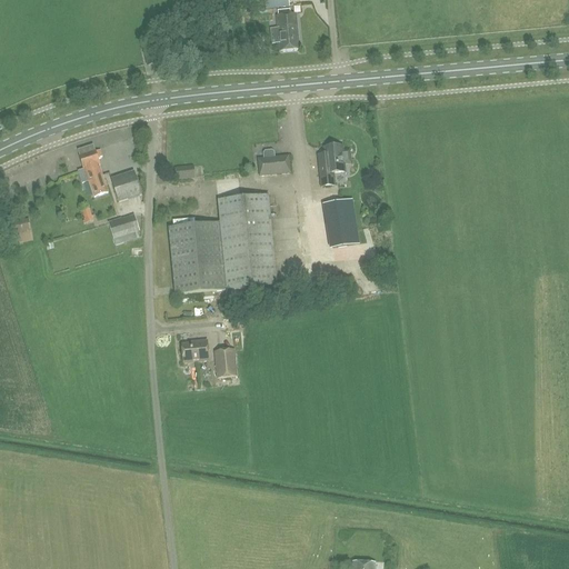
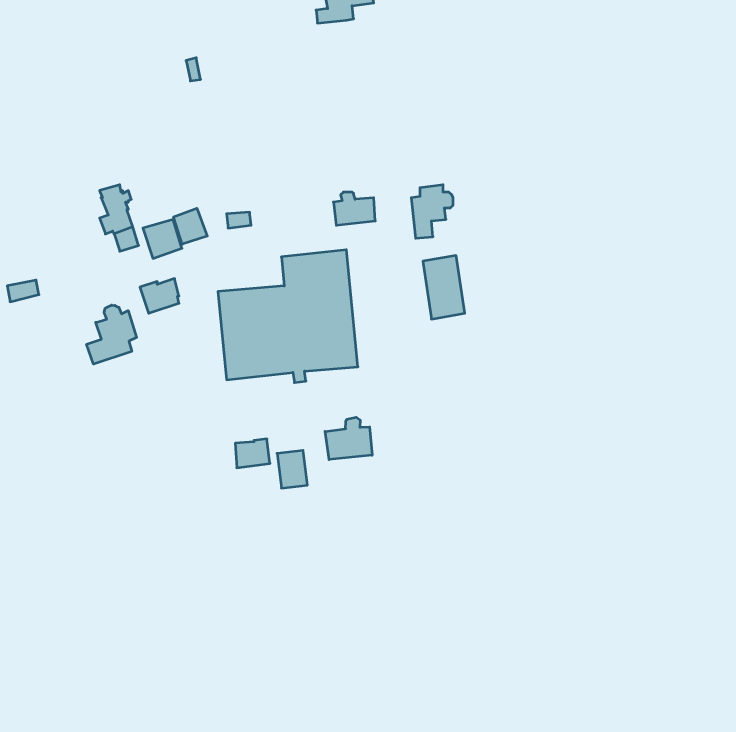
building: [276,6,298,48] -> none
building: none -> [174,208,207,244]
building: none -> [87,305,137,364]
building: none -> [325,417,372,460]

